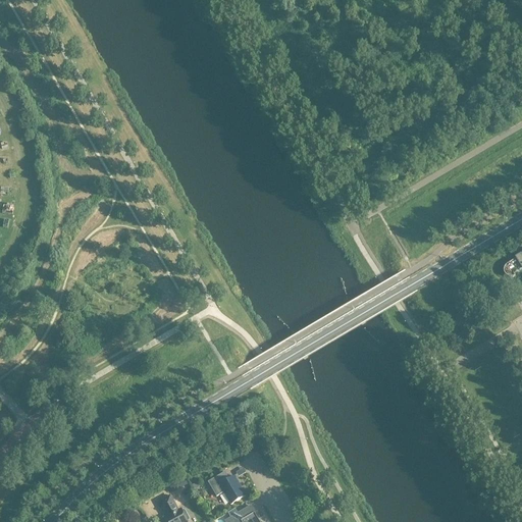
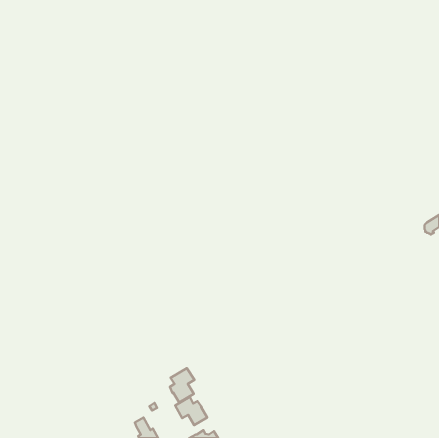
building: none -> [170,368,195,402]

